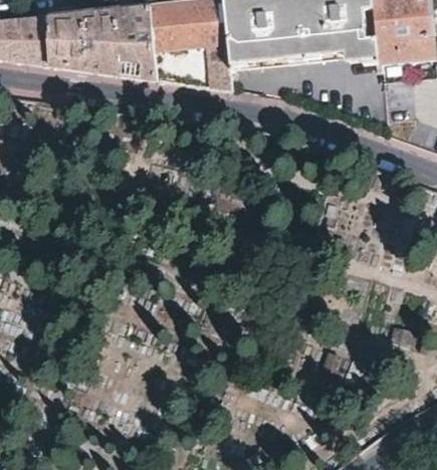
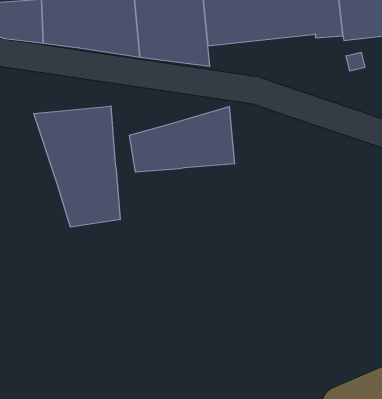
building: none -> [34,106,120,227]
building: none -> [130,106,235,172]

